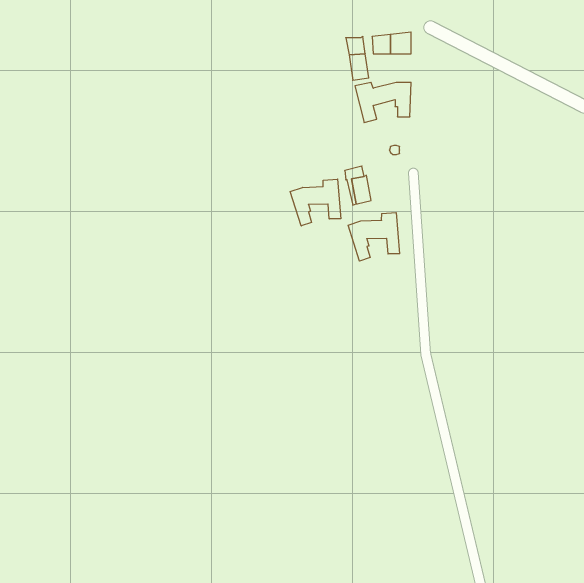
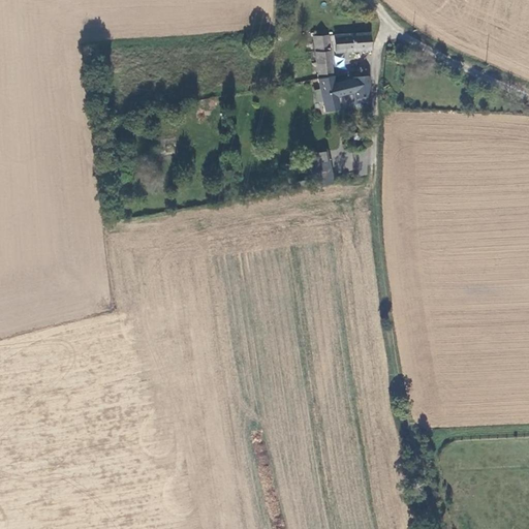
building: [290,179,341,226] -> none
building: [348,213,400,261] -> none

